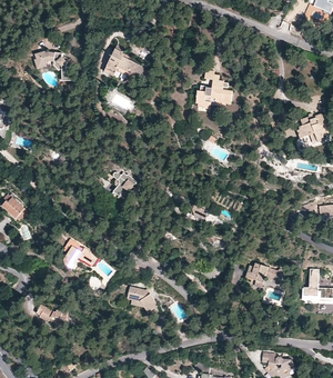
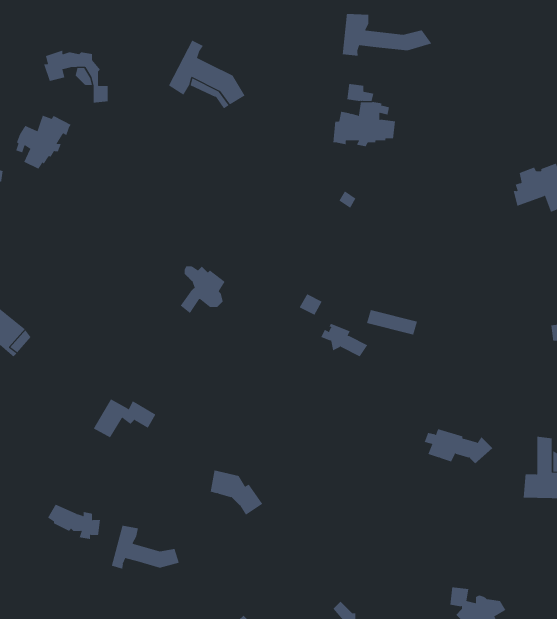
building: none -> [342,13,432,57]
building: none -> [15,115,72,170]
building: none -> [111,525,179,569]

